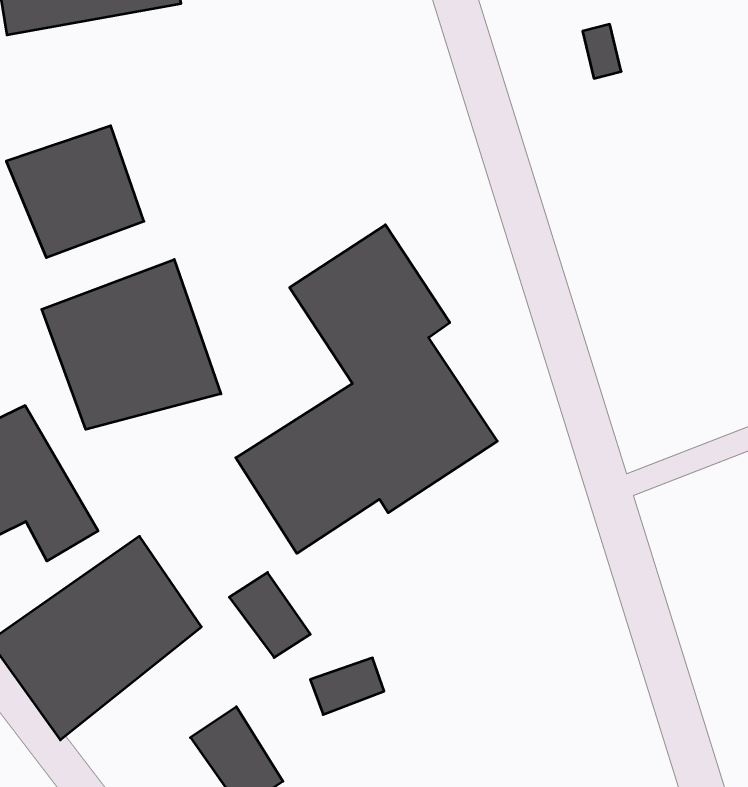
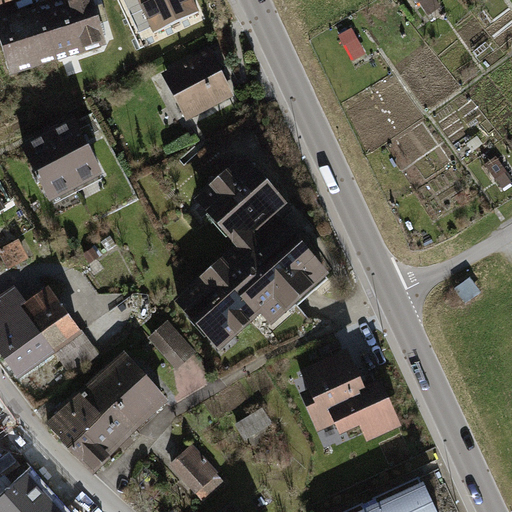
building: none -> [161,47,234,119]
building: [42,259,221,429] -> none
building: [229,572,310,658] -> [147,319,196,367]
building: none -> [303,356,396,441]

